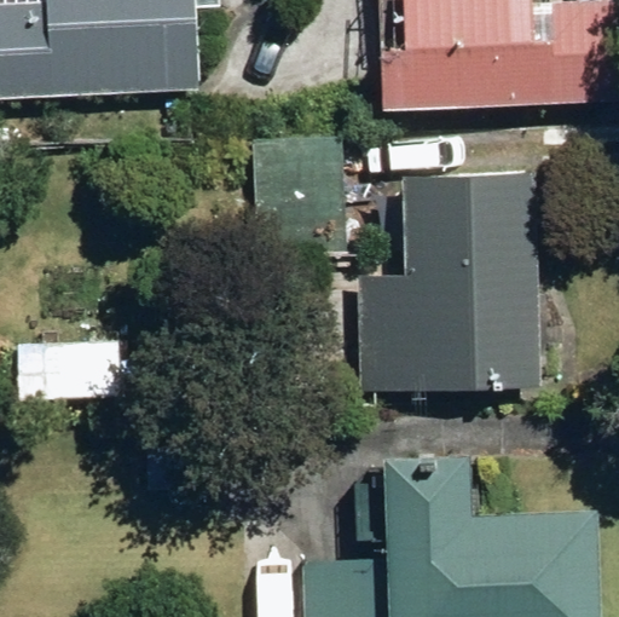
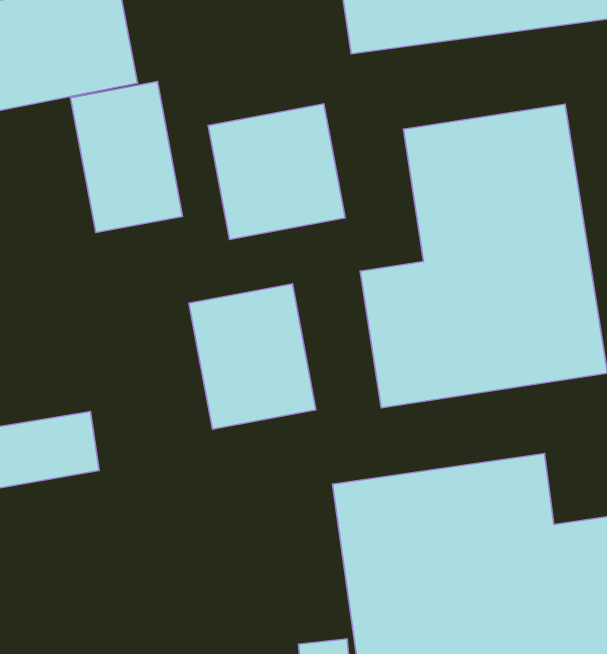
building: none -> [71,82,183,233]
building: none -> [189,284,316,429]

